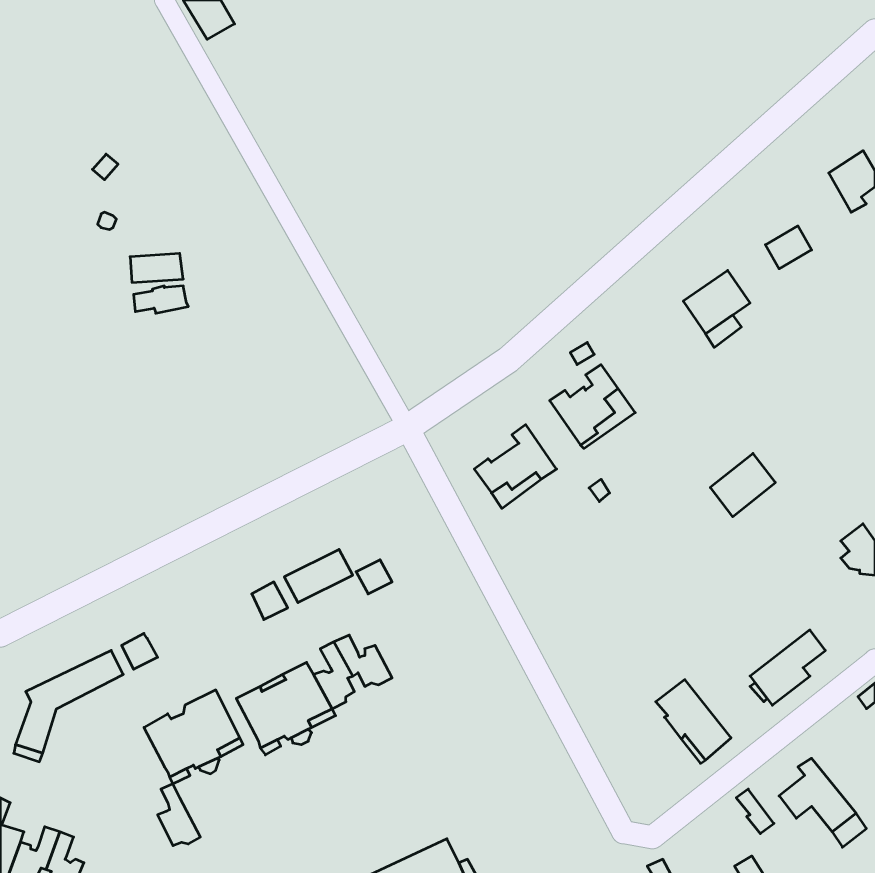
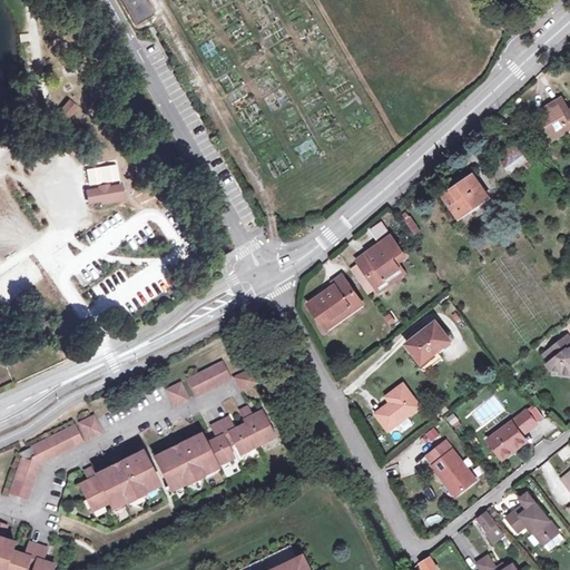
building: [710,453,775,517] -> [407,323,450,364]
building: none -> [375,385,420,432]
building: none -> [237,404,271,442]
building: [158,784,200,846] -> [79,465,107,505]

